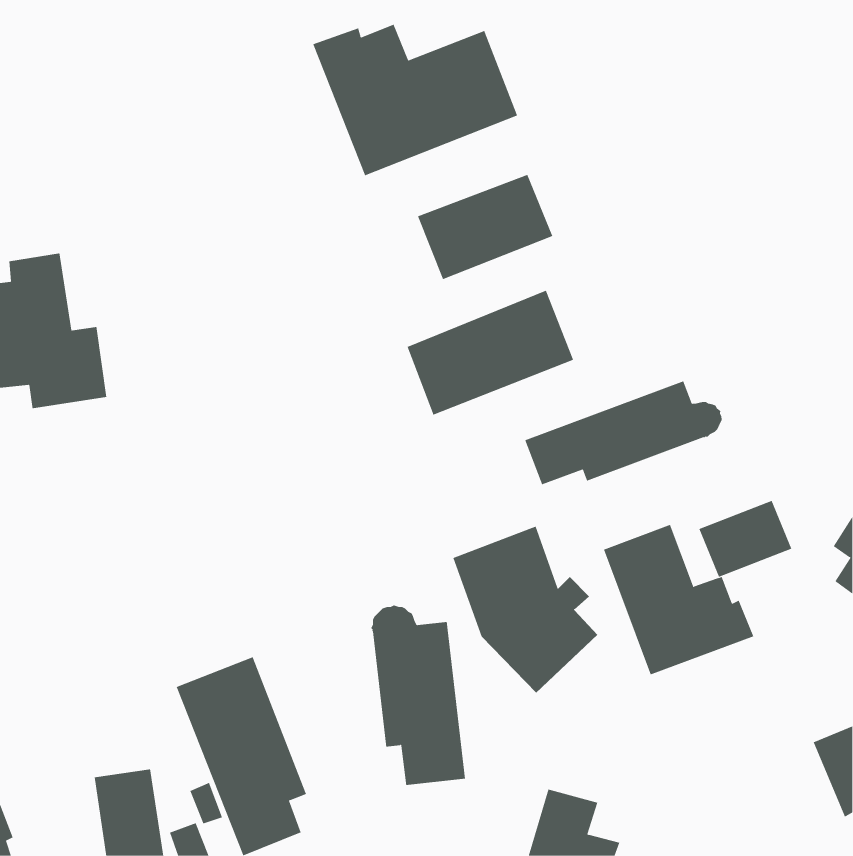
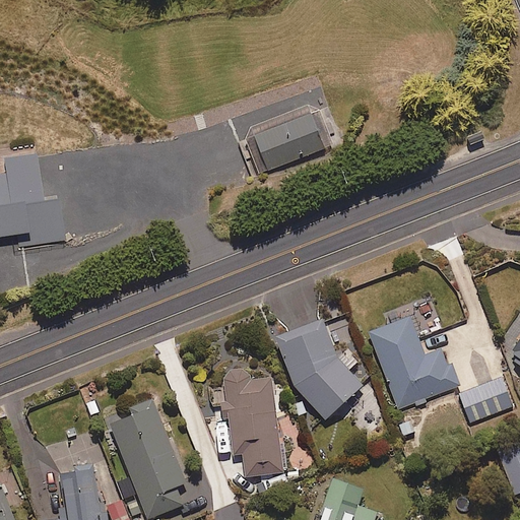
building: [312,24,518,176] -> none
building: [407,290,574,415] -> none
building: [524,380,722,485] -> none
building: [698,500,792,577] -> [454,378,511,425]

